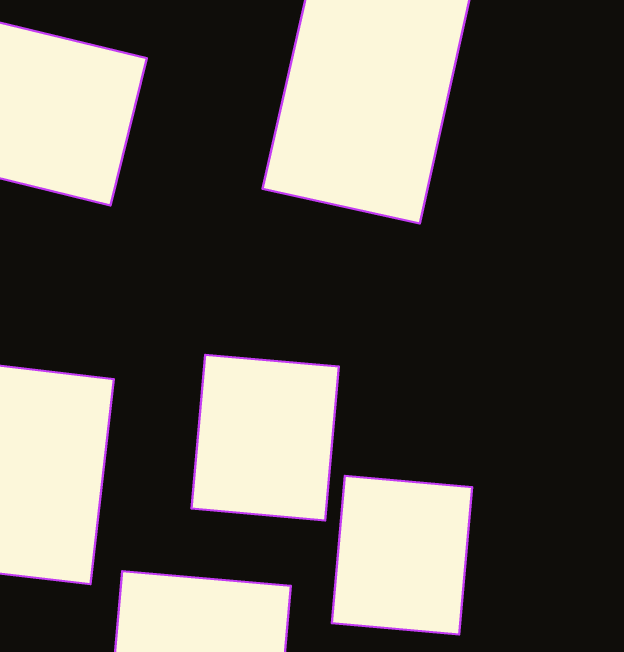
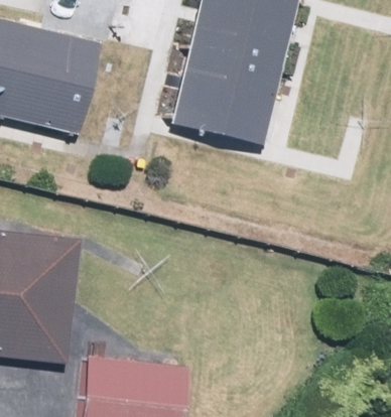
building: [191,355,339,520] -> none
building: [332,476,472,634] -> none

